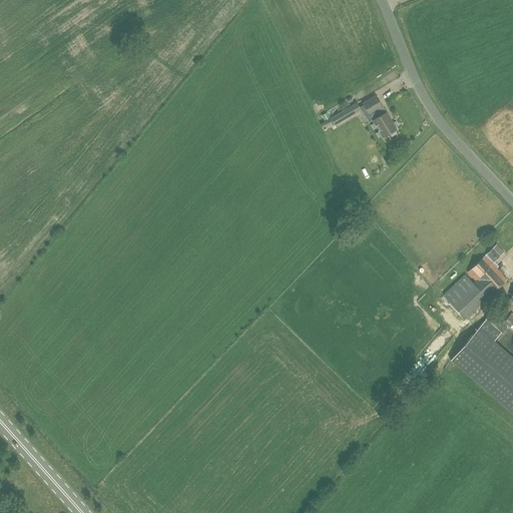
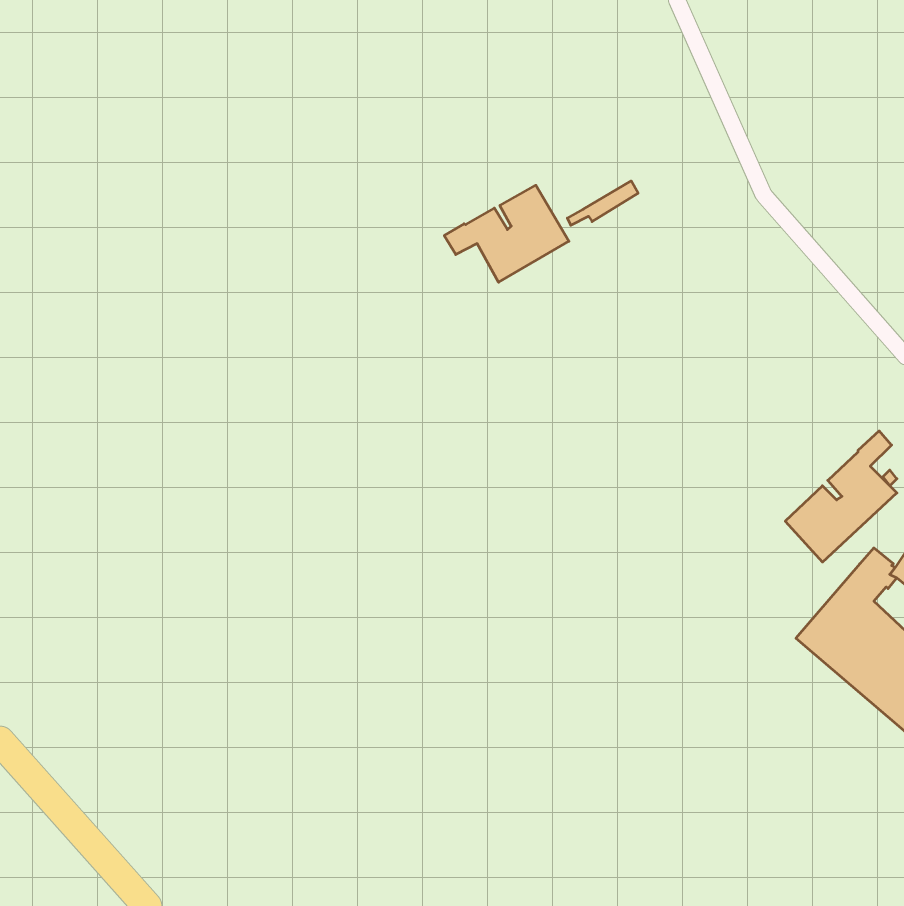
building: [363,95,397,136] -> none
building: none -> [444,185,569,282]

